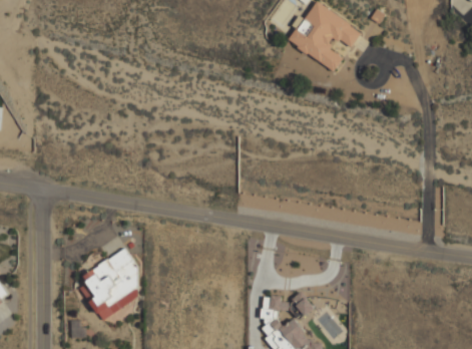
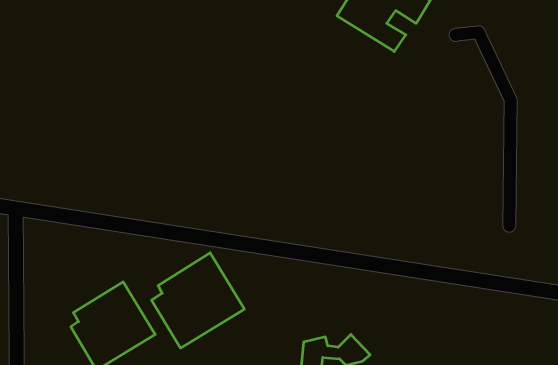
building: none -> [152,253,244,348]

